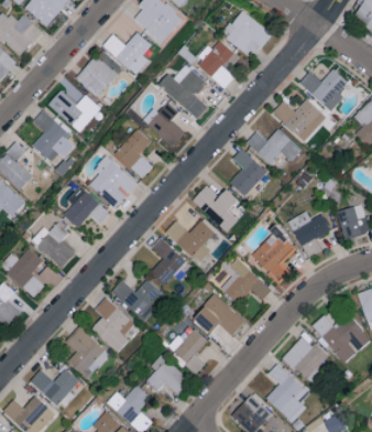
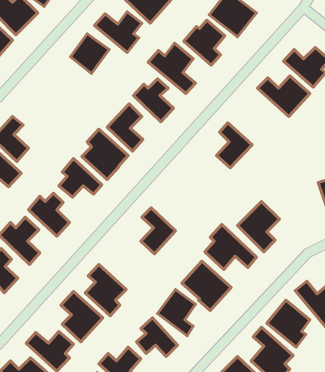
building: [47,83,100,132] -> none
building: [32,110,73,164] -> none
building: [247,129,300,164] -> none
building: [192,185,243,233] -> none
building: [287,212,330,258] -> none
building: [165,219,215,263] -> none
building: [111,279,161,322] -> none

